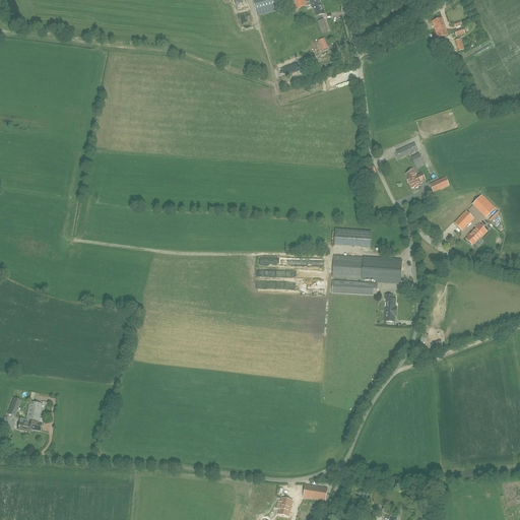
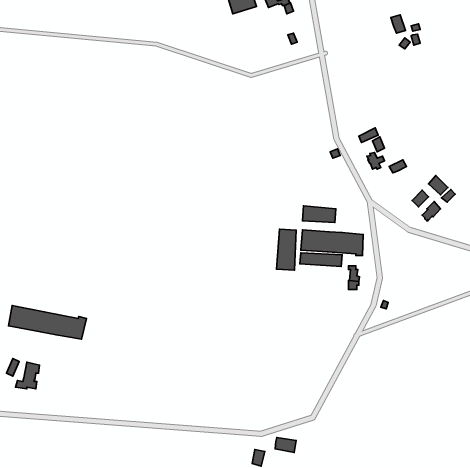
building: none -> [277,229,296,270]
building: none -> [9,306,86,339]

